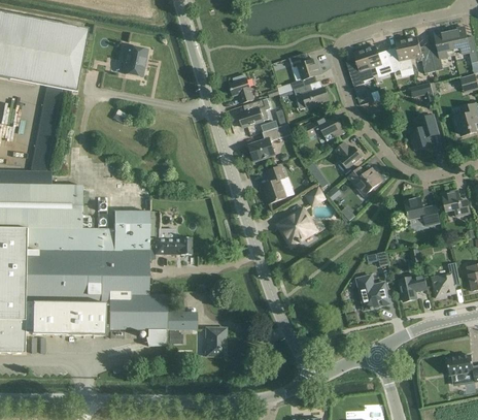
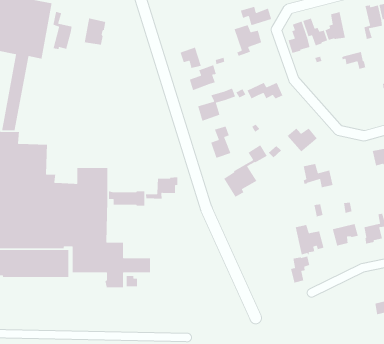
building: [407,36,436,72] -> none
building: none -> [52,11,72,50]
building: [294,84,330,106] -> [240,6,272,26]
building: [408,114,437,149] -> none
building: [335,140,363,168] -> none
building: [405,197,439,225] -> [303,163,333,188]
building: none -> [145,177,178,200]
building: none -> [290,256,310,284]
building: [205,327,226,356] -> none

